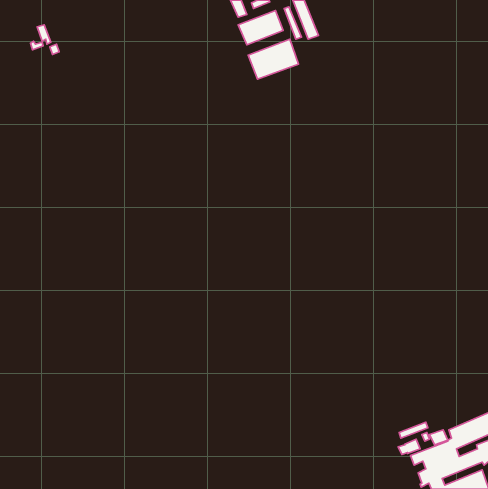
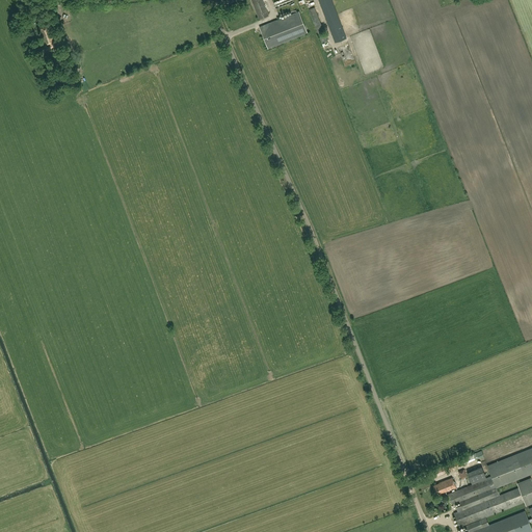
building: [248,39,298,79] -> none

